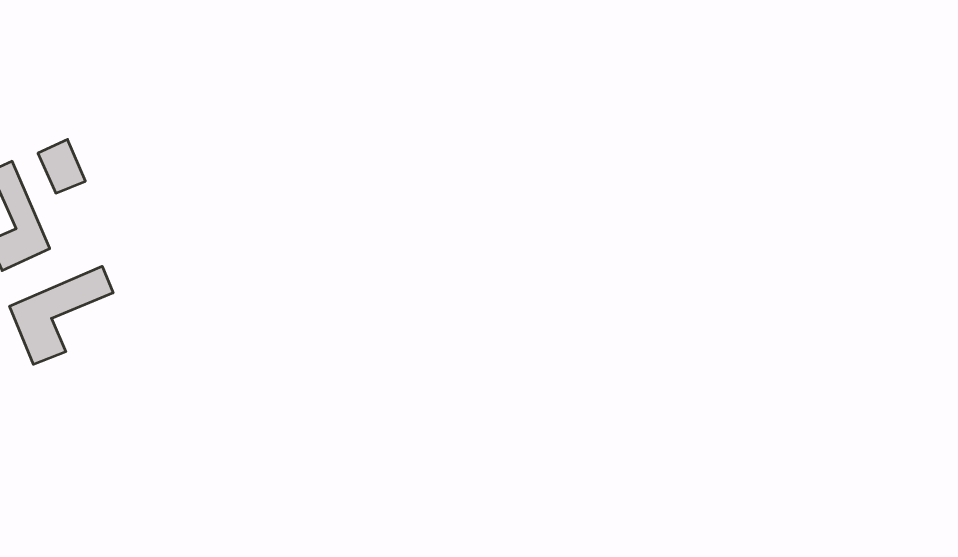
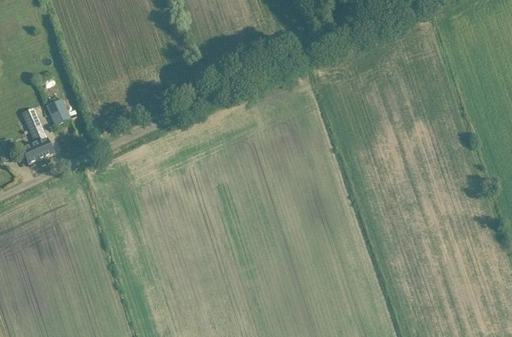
building: [10,266,113,364] -> none

